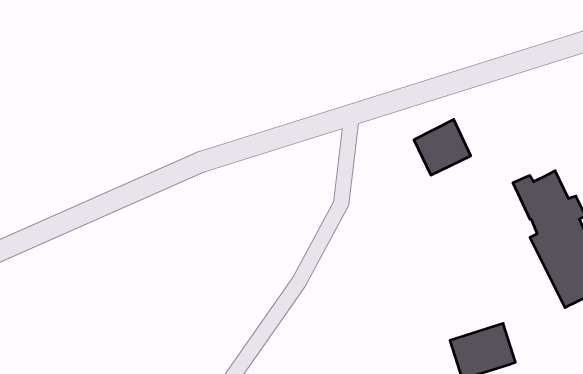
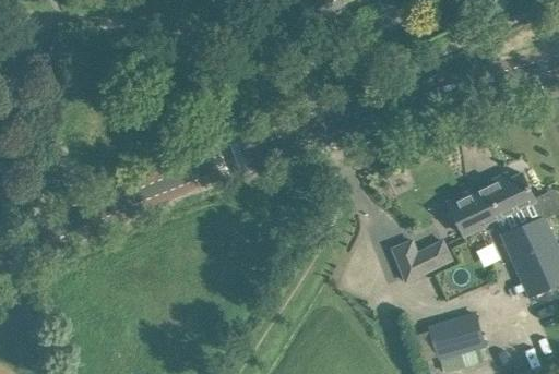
building: [414,119,471,175] -> [449,184,500,234]
building: none -> [393,241,452,281]

